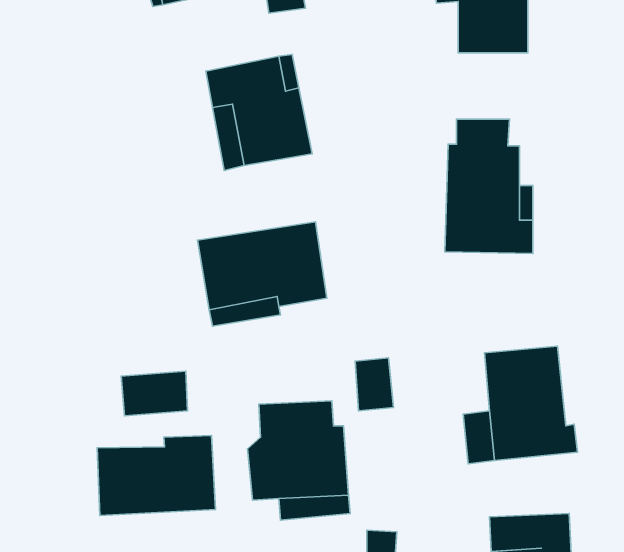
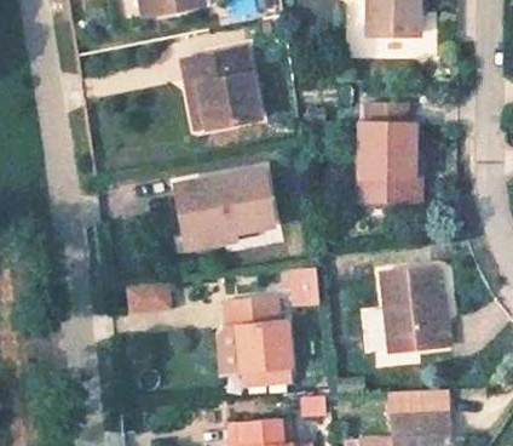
building: [97,435,215,516] -> none

